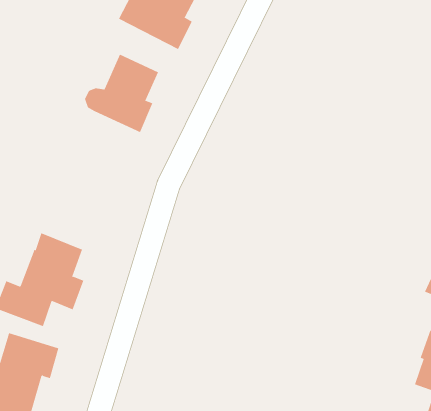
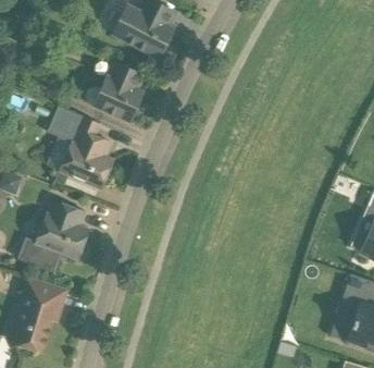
building: none -> [47,103,112,189]

